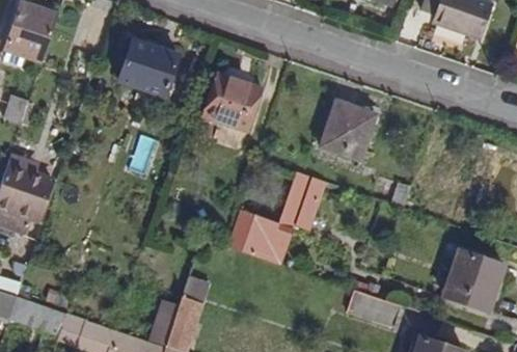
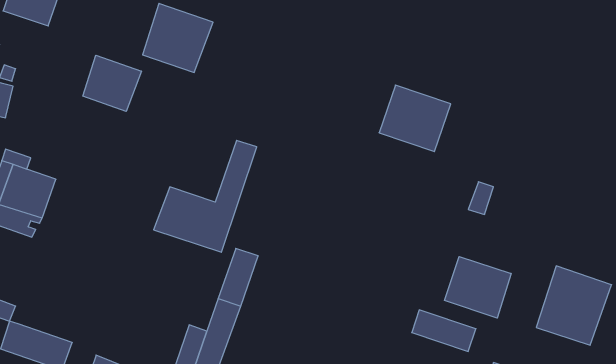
building: [202,70,268,128] -> none
building: none -> [83,55,141,111]
building: [226,174,311,267] -> [154,140,257,252]
building: none -> [444,257,511,318]

